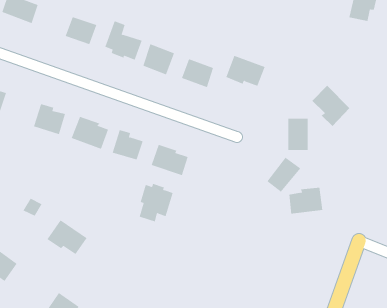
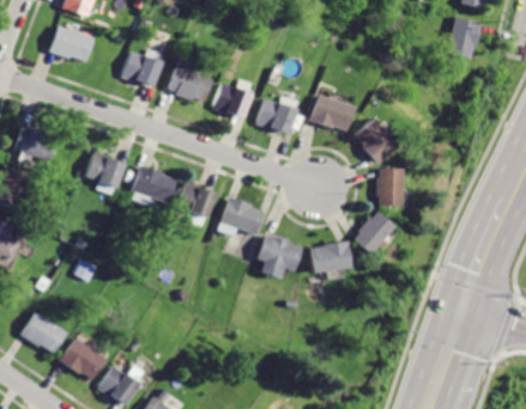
building: [311,85,350,127] -> [351,117,395,165]
building: [139,183,173,222] -> [261,236,301,280]
building: [289,187,323,214] -> [312,240,351,271]
building: [47,219,88,255] -> [61,337,108,378]

